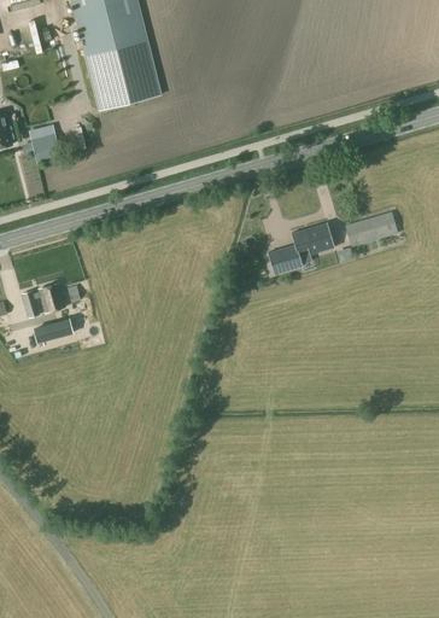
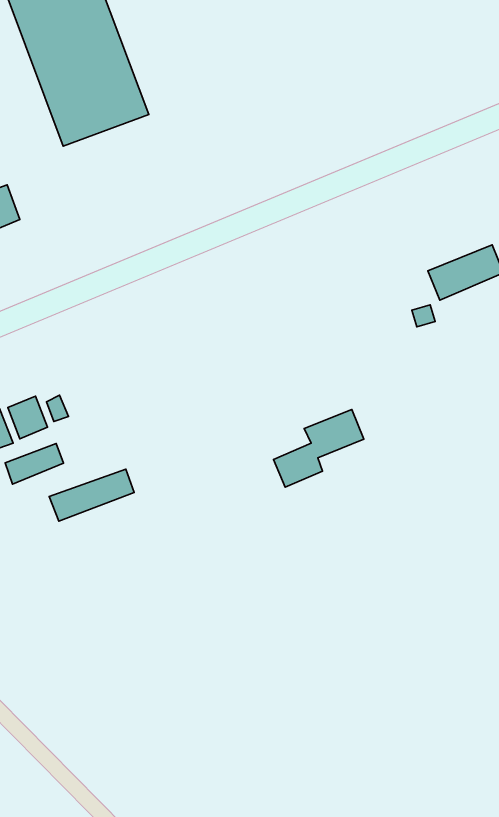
building: [269,223,334,273] -> [273,410,364,487]
building: none -> [49,469,134,521]

